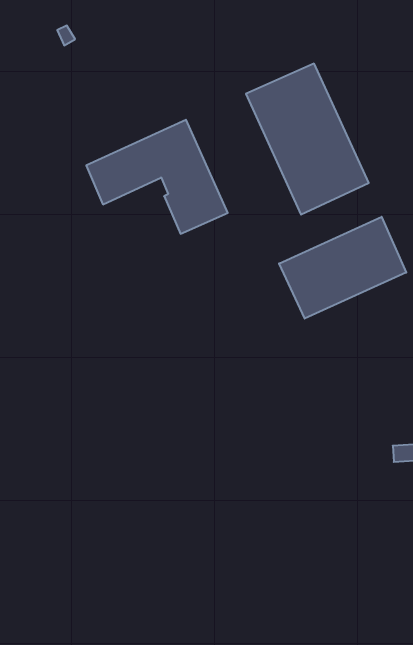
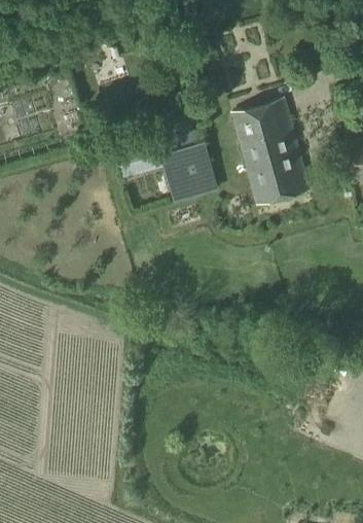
building: [279,217,406,319] -> none

